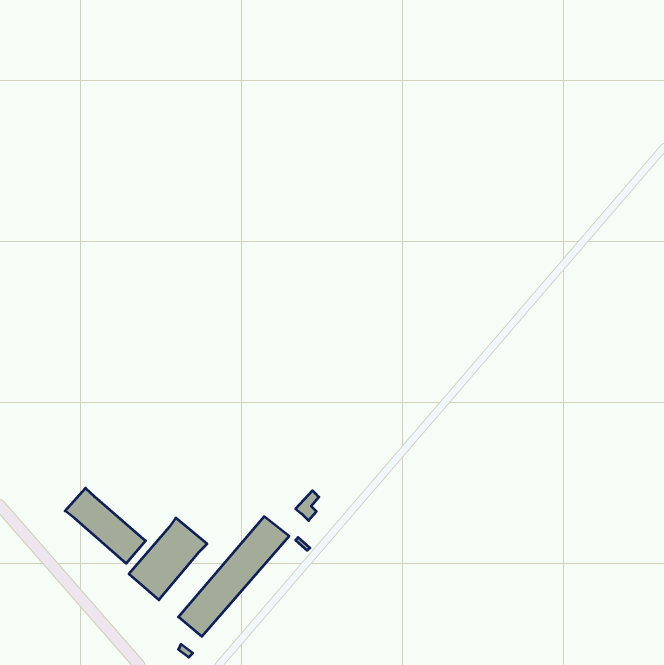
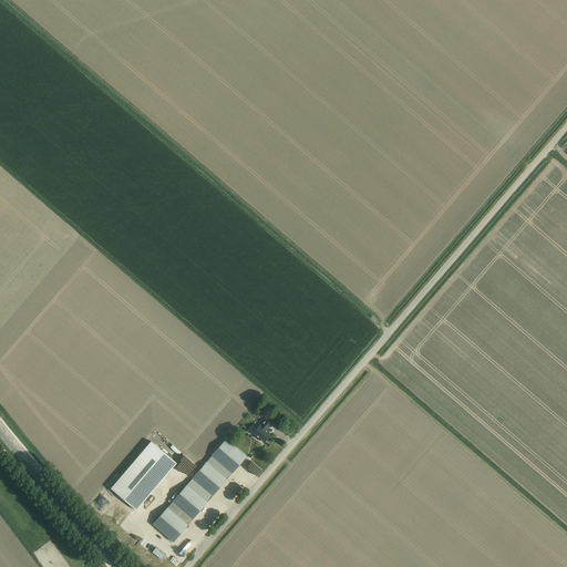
building: [65,488,146,563] -> none

